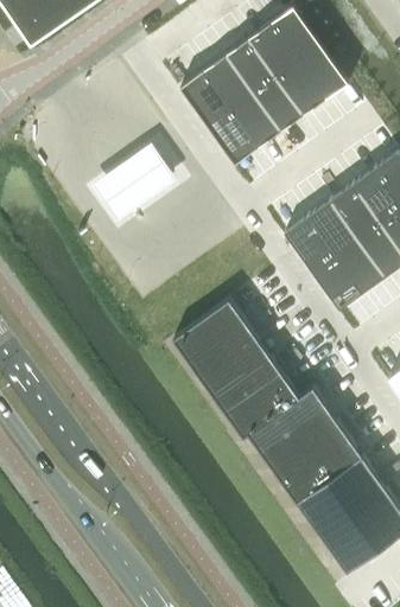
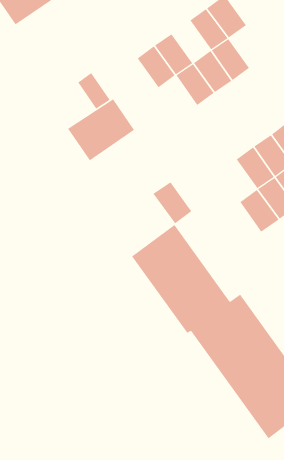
building: [226,39,275,94] -> none
building: [298,45,349,100] -> none
building: none -> [77,72,111,109]
building: [208,109,258,165] -> none
building: [284,217,335,271] -> [152,182,192,224]

